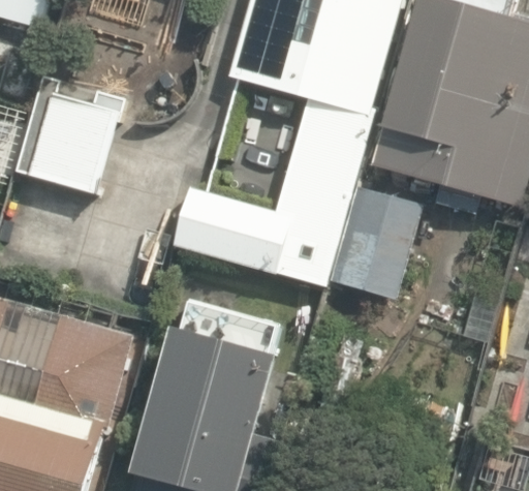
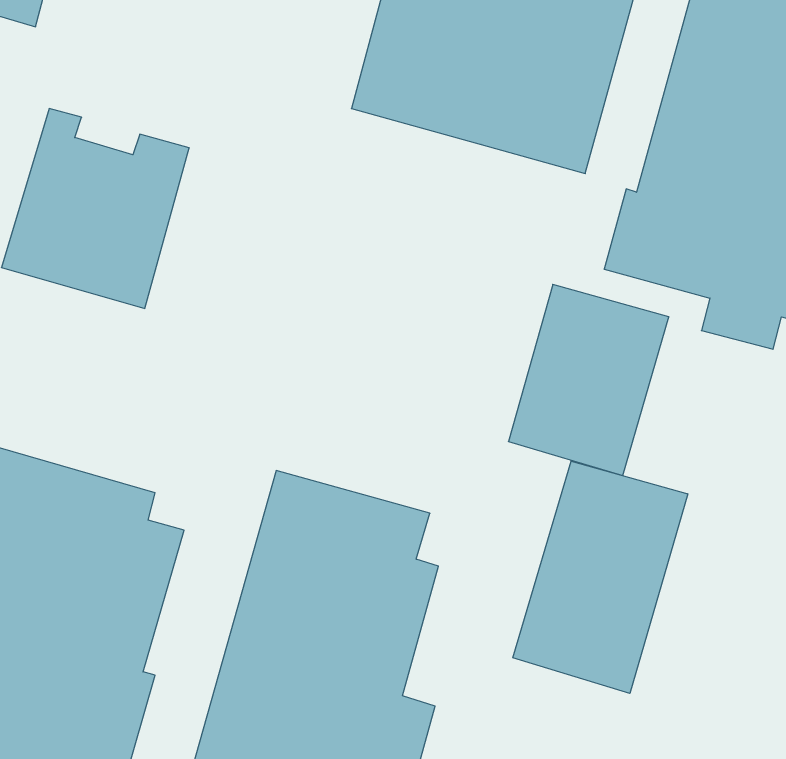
building: [170,98,368,285] -> none
building: none -> [513,461,688,693]

